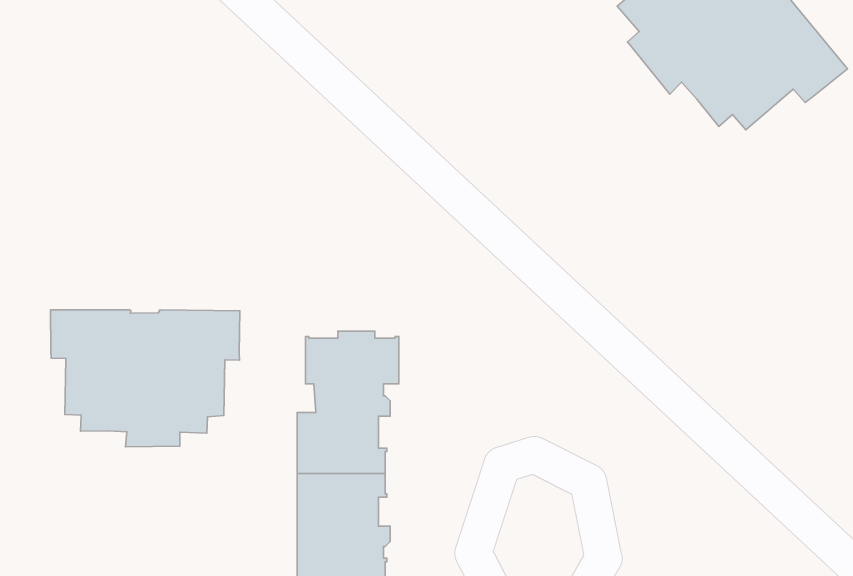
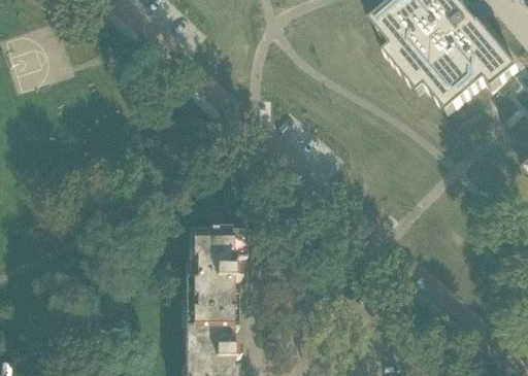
building: [51,310,240,447] -> none

